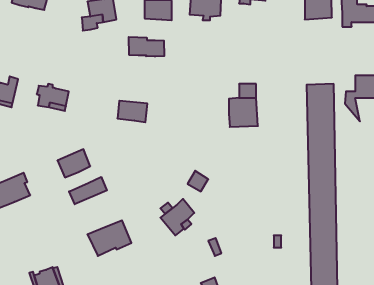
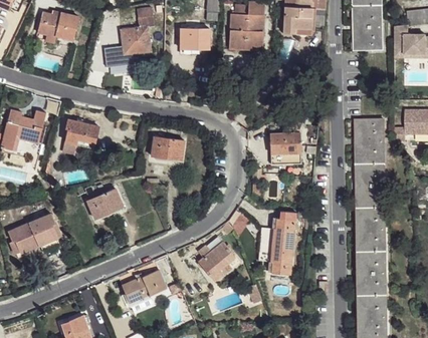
building: [129,37,164,57] -> none
building: none -> [270,219,294,275]
building: [69,177,107,204] -> none

